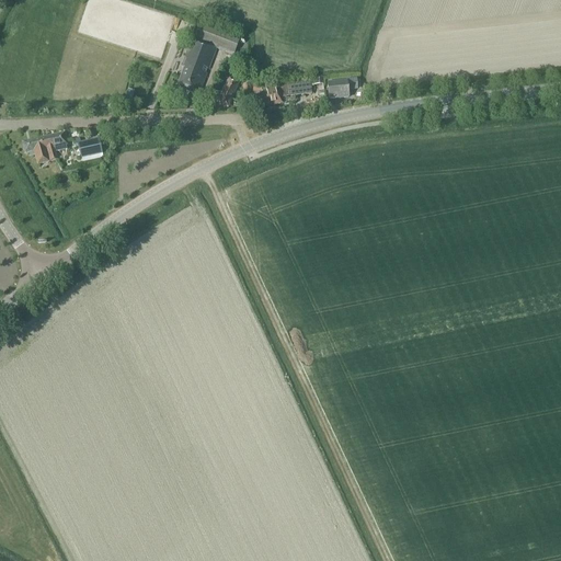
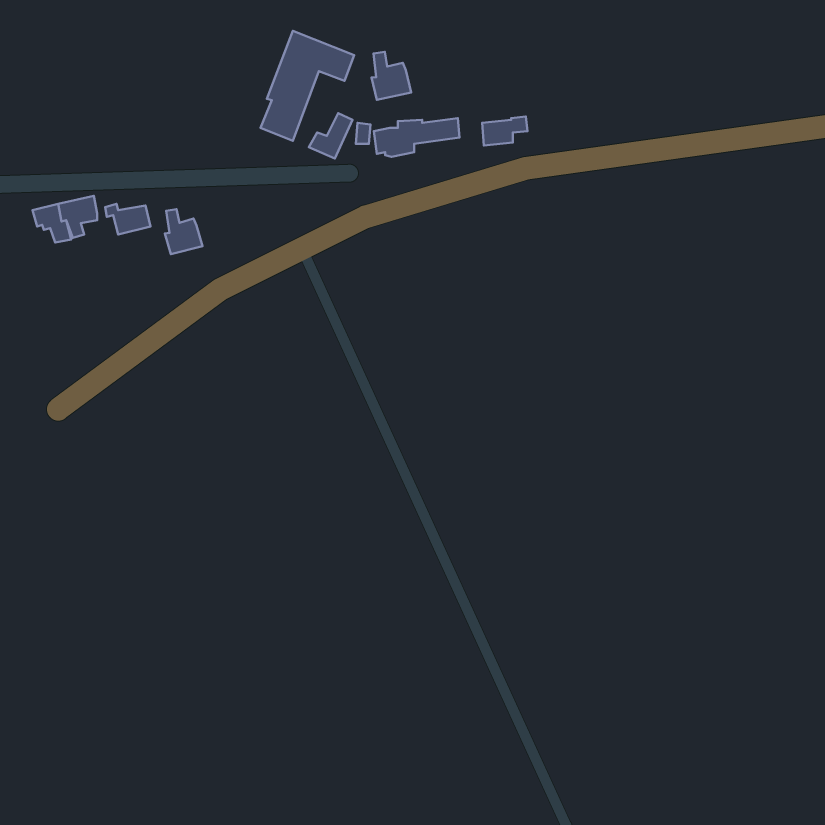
building: none -> [371,52,411,100]
building: none -> [165,209,203,254]

